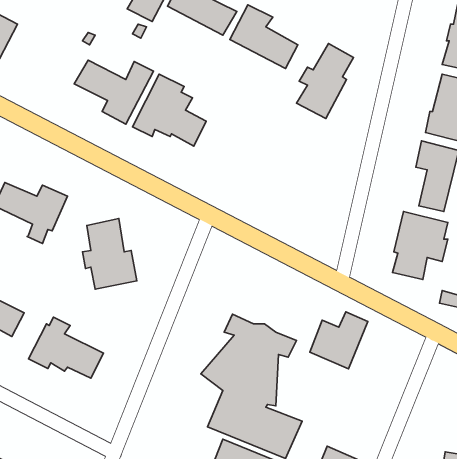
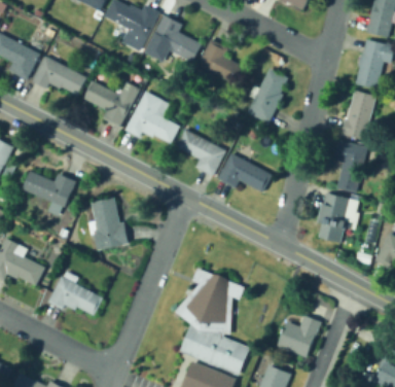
building: none -> [32,56,86,95]
building: none -> [175,129,225,176]
building: none -> [217,153,272,192]
building: [310,312,368,369] -> [277,315,320,357]

